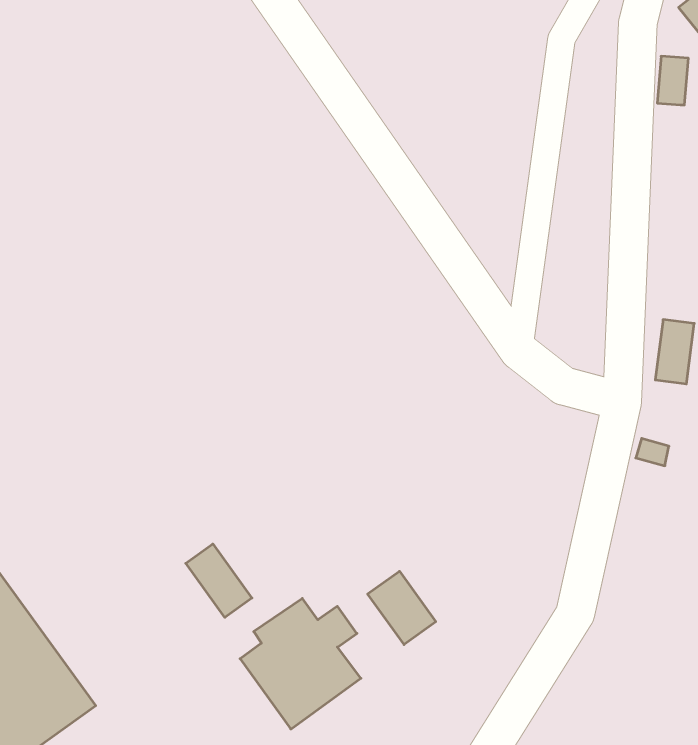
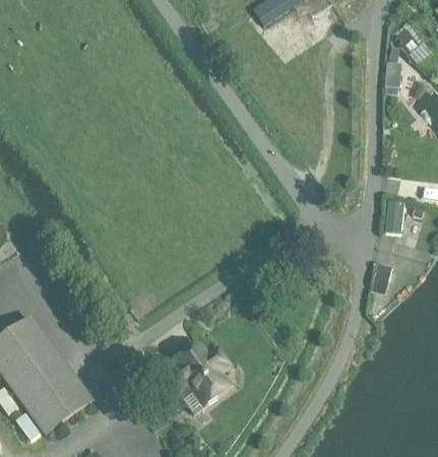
building: [186,544,252,617] -> none
building: [368,571,436,645] -> none

